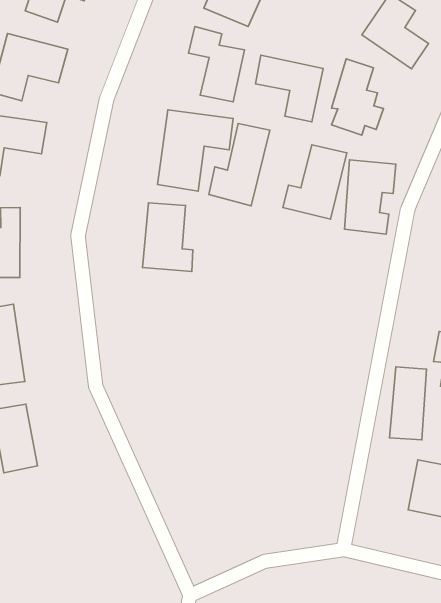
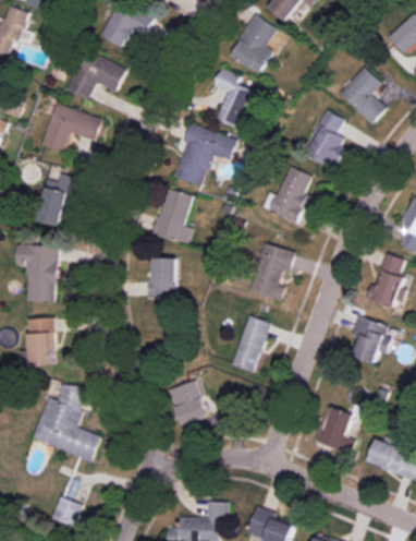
building: [255,55,323,122] -> none
building: [209,123,270,206] -> none
building: [344,160,396,234] -> [249,243,294,301]
building: none -> [146,259,175,297]
building: [390,367,427,440] -> [232,316,267,372]
building: none -> [169,381,207,425]
building: none -> [32,383,99,460]

